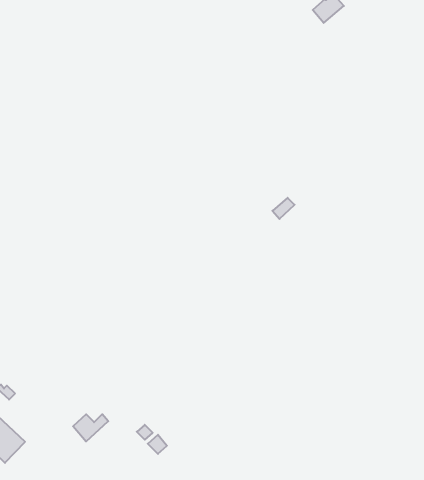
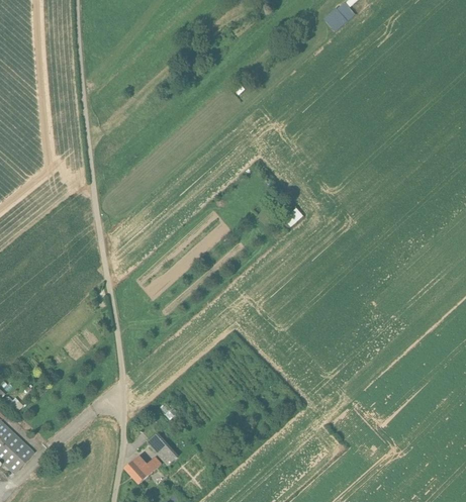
building: [73,414,108,441] -> [124,455,160,482]

